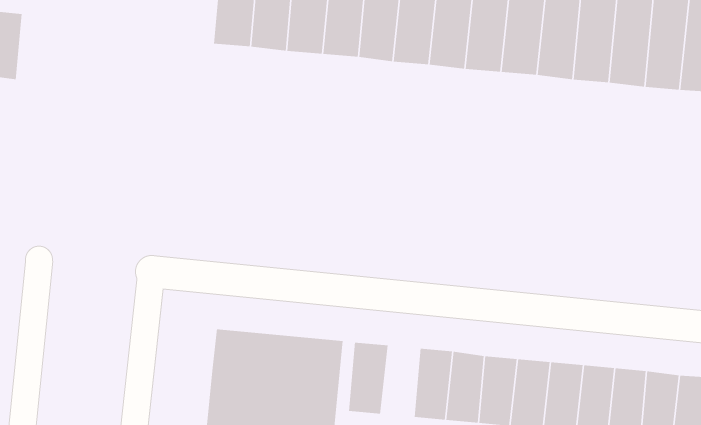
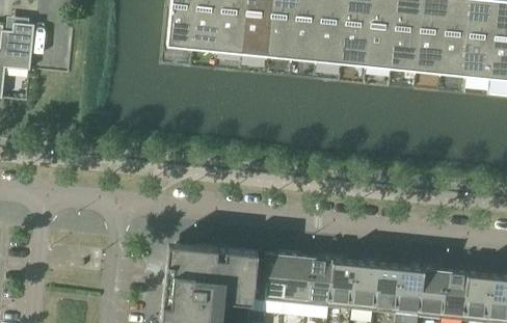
building: none -> [284,255,311,305]

